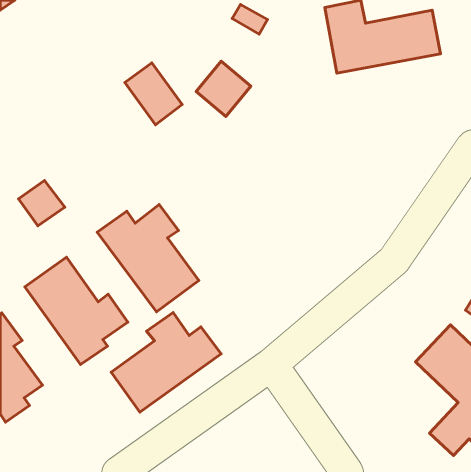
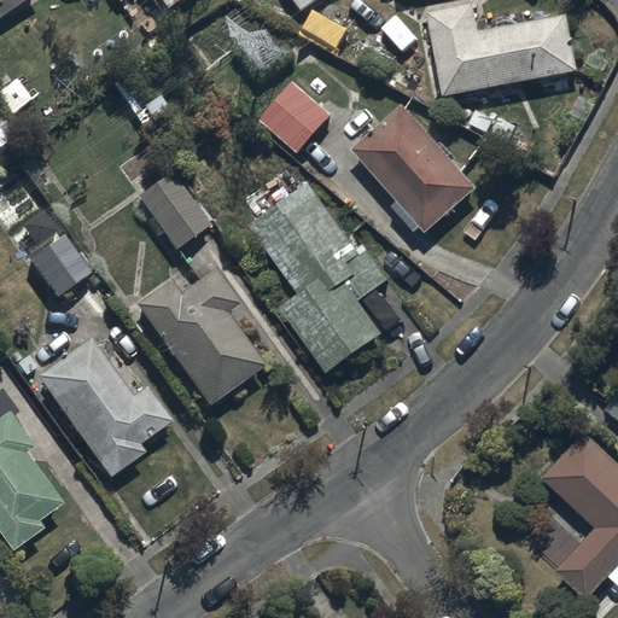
building: [125,63,182,125] -> [135,169,210,250]
building: none -> [352,105,477,232]
building: none -> [249,183,386,373]
building: [111,312,221,412] -> none

